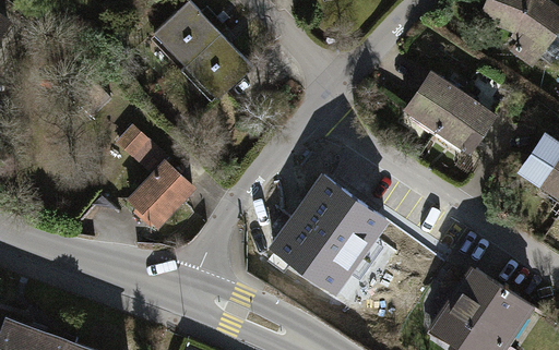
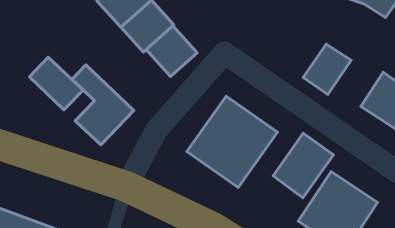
building: none -> [146,26,197,77]
building: [397,74,463,143] -> none
building: none -> [29,57,83,110]
building: none -> [273,133,334,198]

